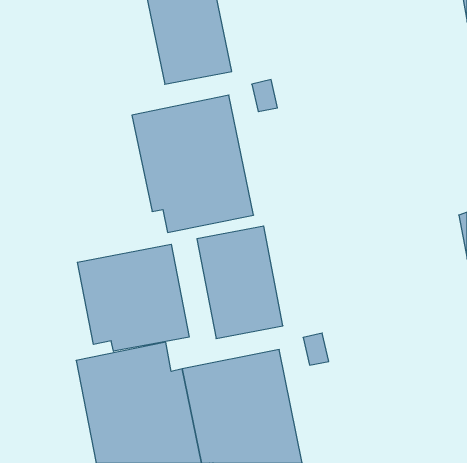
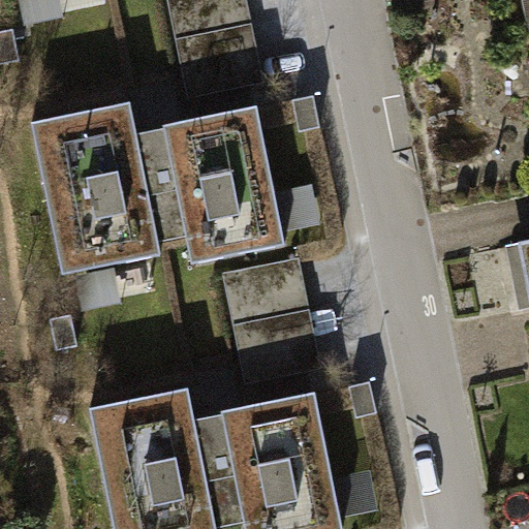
building: none -> [29,100,172,277]
building: [77,244,189,351] -> none

